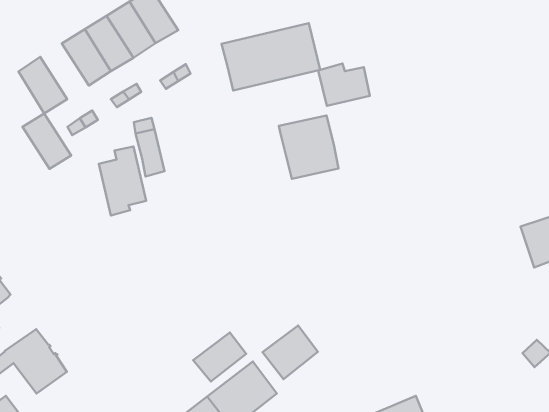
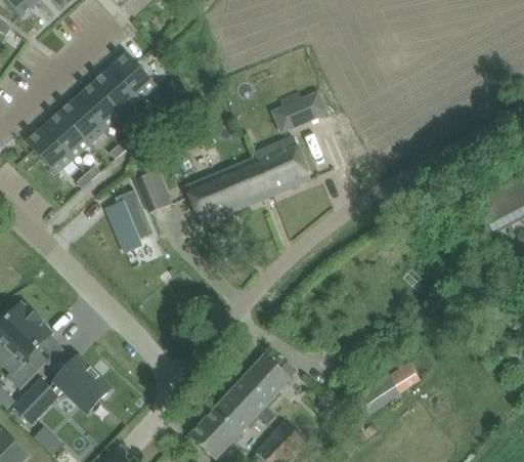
building: [222,23,320,91] -> [184,157,271,224]
building: [23,113,71,169] -> [42,113,87,159]
building: [263,325,318,379] -> none
building: [193,332,246,382] -> none

